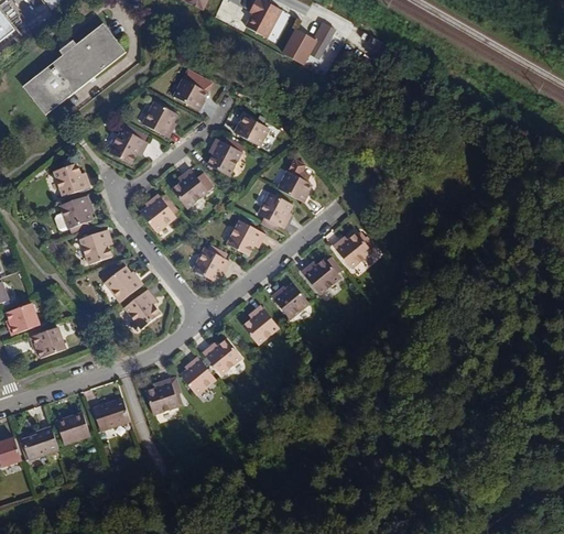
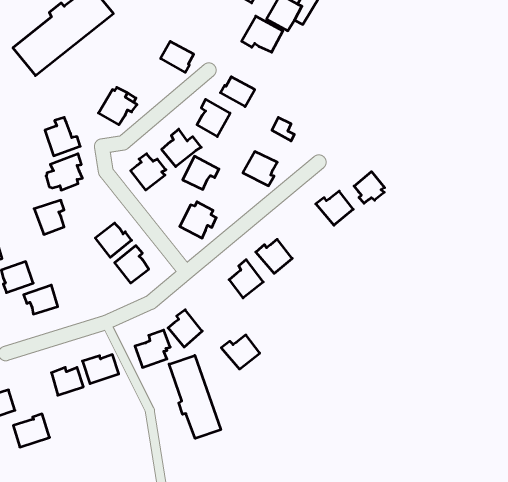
building: none -> [242,16,283,52]
building: [141,101,176,138] -> none
building: [276,170,311,201] -> none
building: none -> [354,172,385,203]
building: [226,219,263,253] -> [183,156,219,189]
building: [79,228,110,263] -> [34,200,64,234]
building: [301,255,340,293] -> none
building: [202,337,241,372] -> [221,335,260,369]
building: none -> [169,355,221,438]
building: [23,425,61,459] -> [13,414,50,447]

